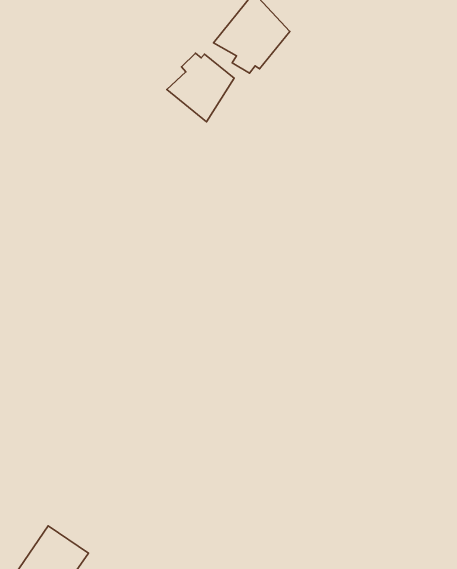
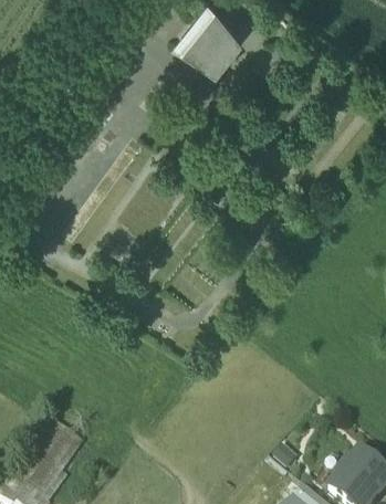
building: [167,53,234,122] -> none

